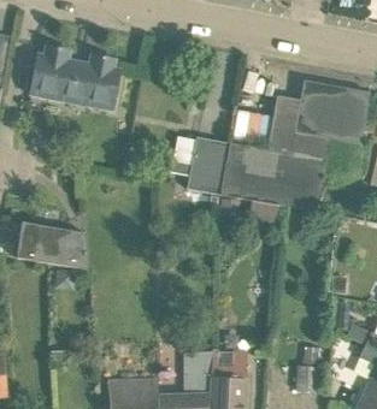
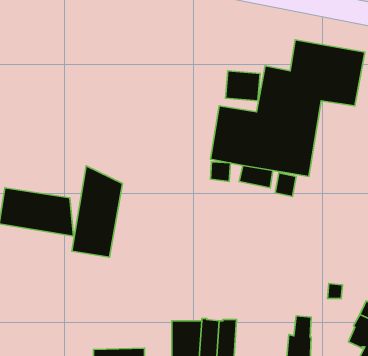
building: [29,46,120,113] -> none
building: [187,137,229,195] -> none
building: none -> [72,166,123,257]

